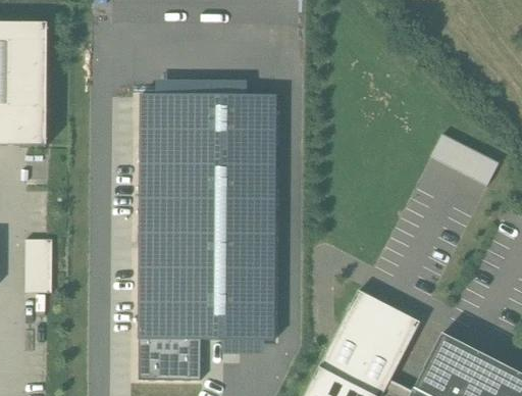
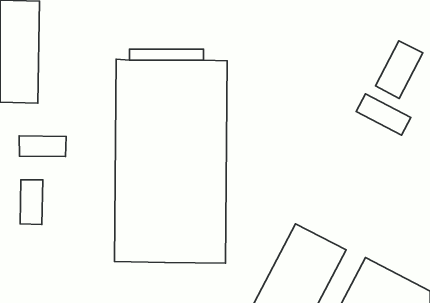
building: none -> [376,41,423,99]
building: none -> [19,136,66,157]
building: [139,338,200,380] -> none

